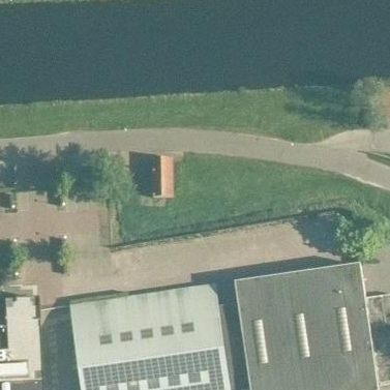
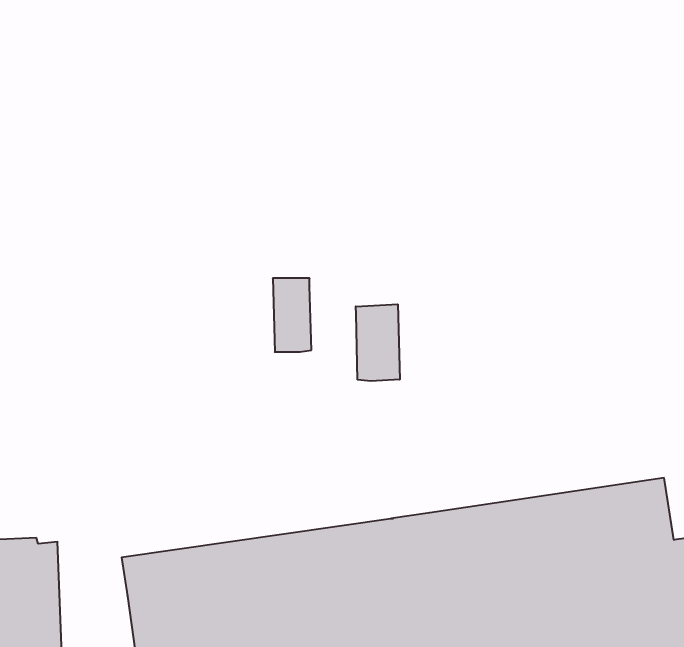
building: none -> [356,304,400,381]

